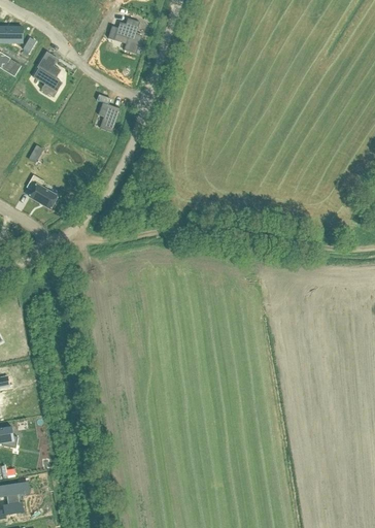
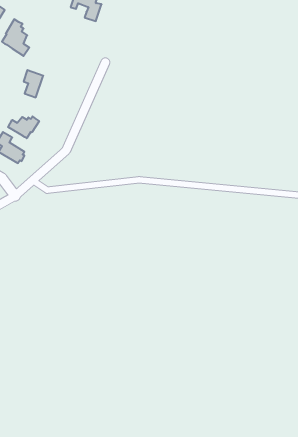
building: [98,102,120,132] -> [24,70,43,97]
building: none -> [8,116,39,138]

